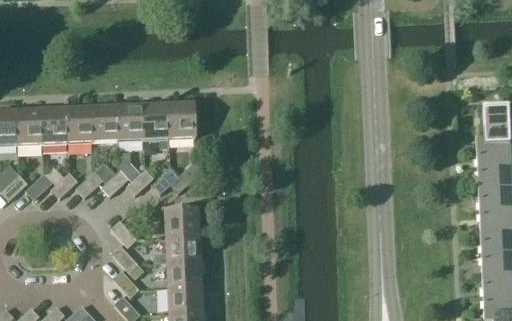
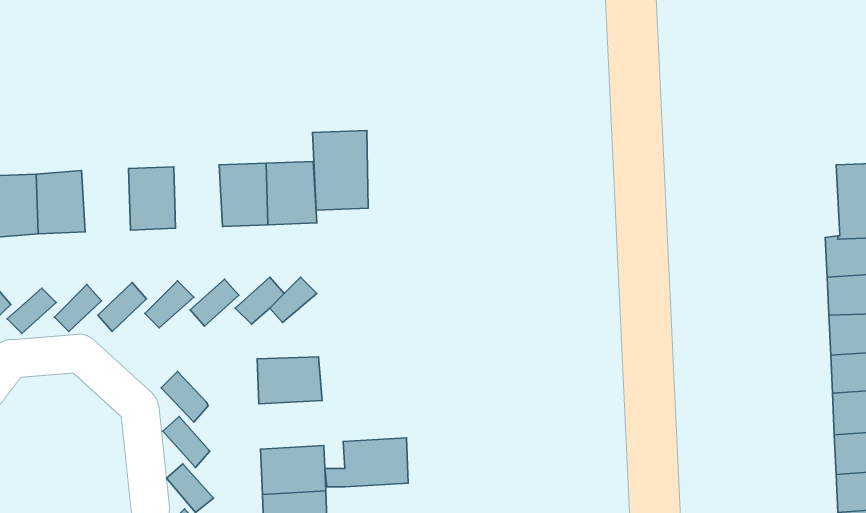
building: none -> [312,131,368,210]
building: [118,105,145,140] -> none
building: [67,107,94,142] -> none
building: [155,235,201,262] -> [325,438,408,487]

